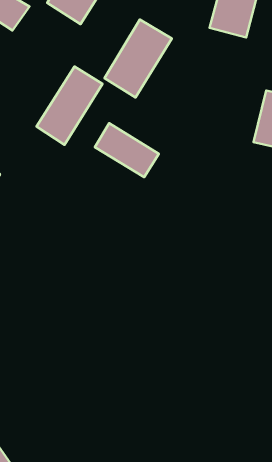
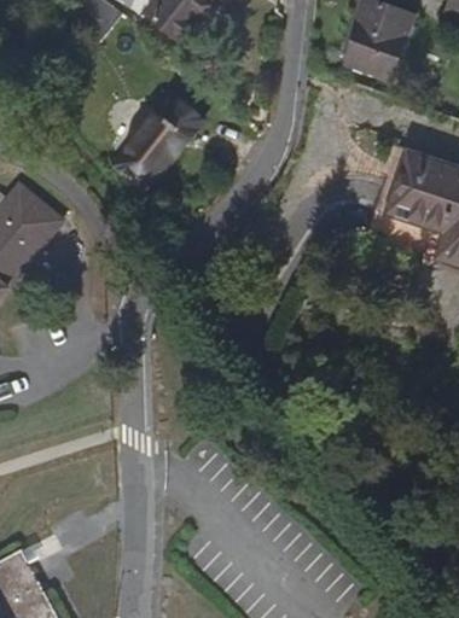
building: [104,20,172,98] -> none
building: [95,123,159,177] -> none

